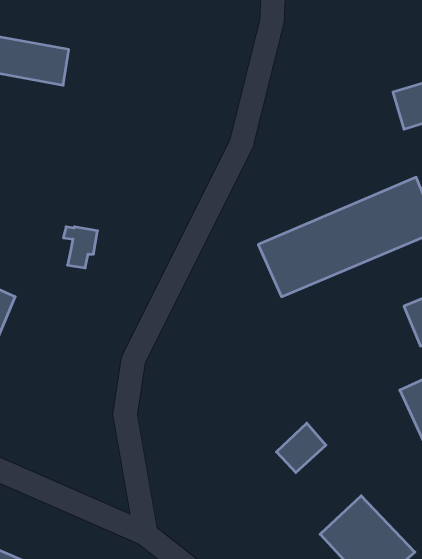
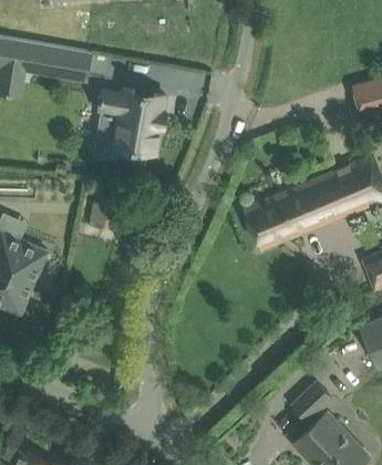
building: none -> [96,89,166,178]
building: [276,423,326,473] -> [292,381,332,421]

